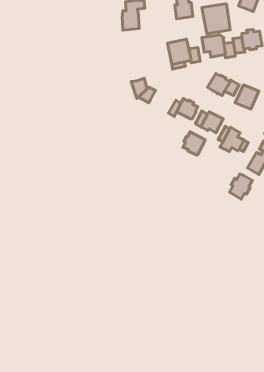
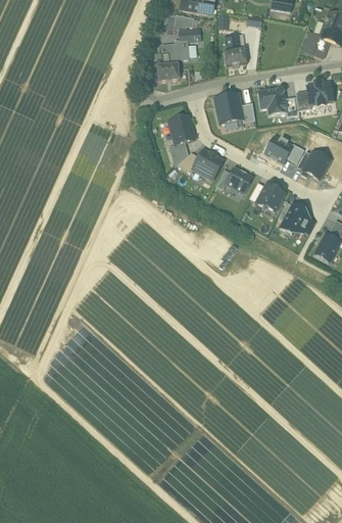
building: [202,4,230,34] -> none
building: none -> [168,115,194,144]
building: none -> [193,149,223,179]
building: [183,132,205,155] -> none
building: [230,174,252,199] -> none

